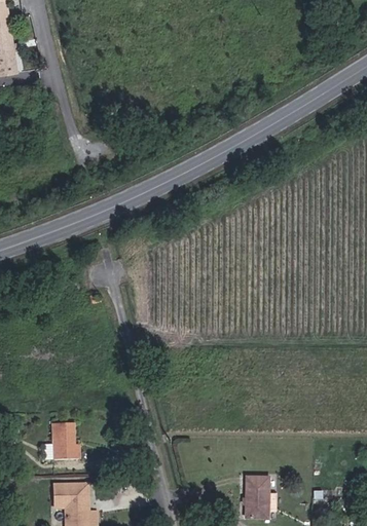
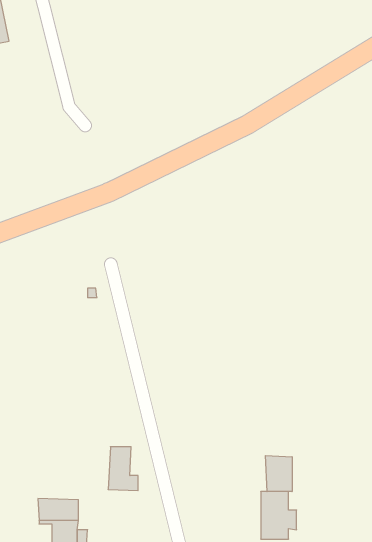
building: [46,418,73,457] -> [108,447,138,491]
building: none -> [266,456,292,492]

